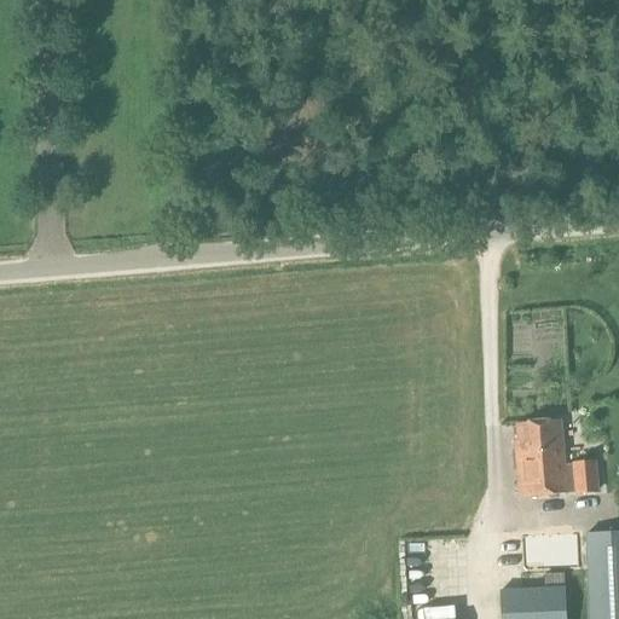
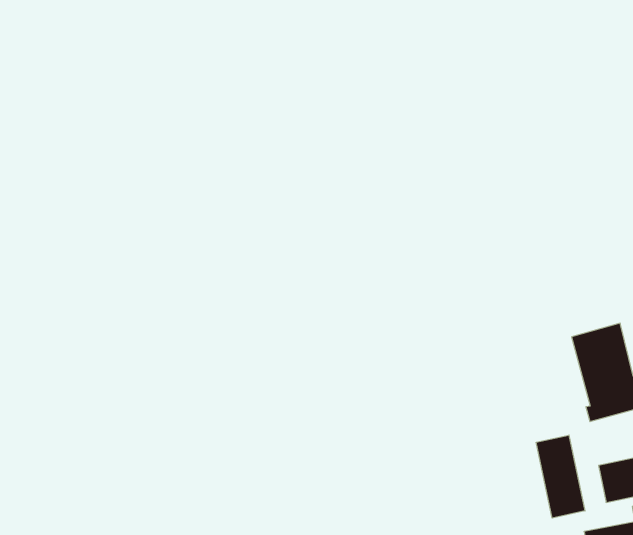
building: none -> [536,435,585,518]

